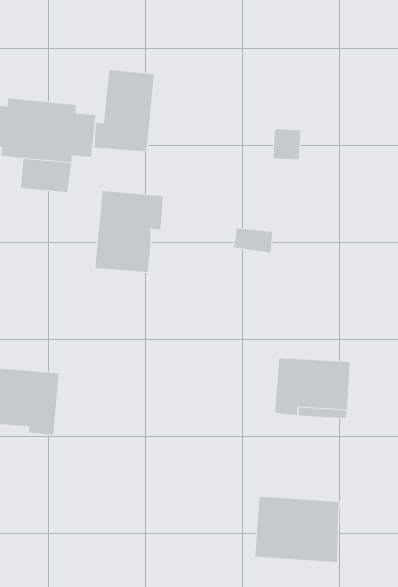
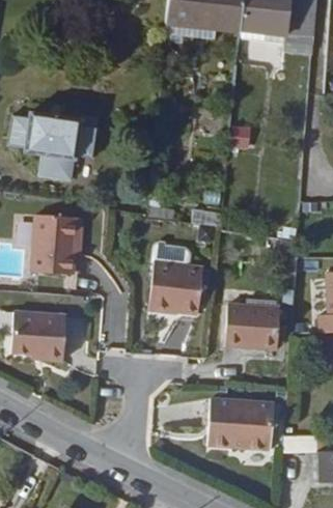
building: [94,69,155,152] -> none
building: [95,191,164,272] -> [35,213,86,273]
building: none -> [151,258,204,309]

